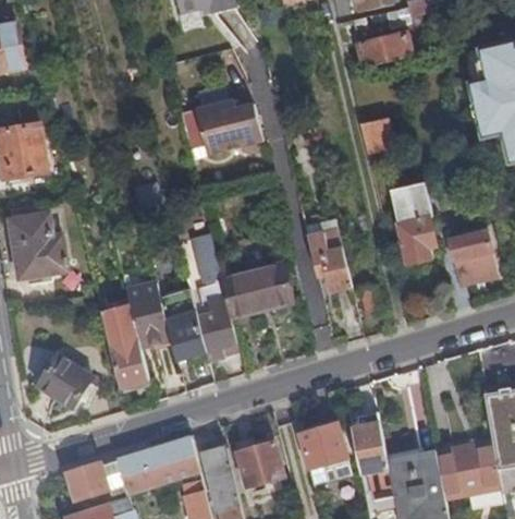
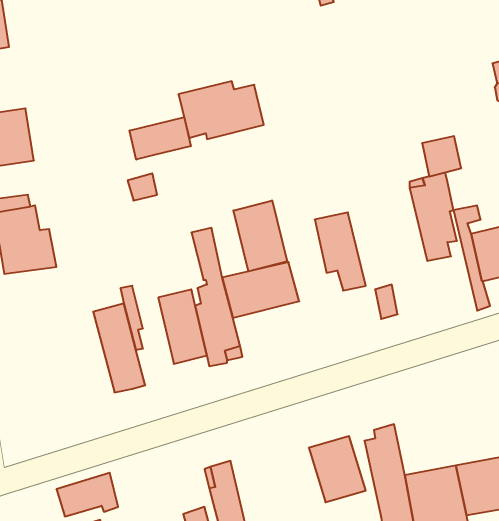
building: [358,34,412,69] -> none
building: [359,117,395,154] -> [422,136,461,176]
building: none -> [130,117,191,160]
building: none -> [233,200,287,271]
building: [137,281,171,345] -> none
building: [36,353,91,408] -> none
building: [117,437,199,497] -> none
building: [237,443,284,486] -> none

